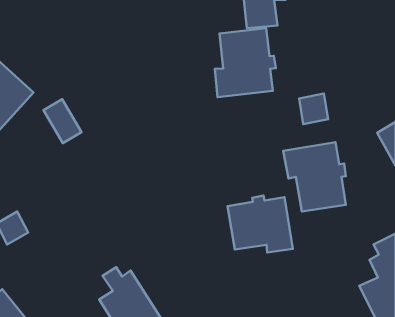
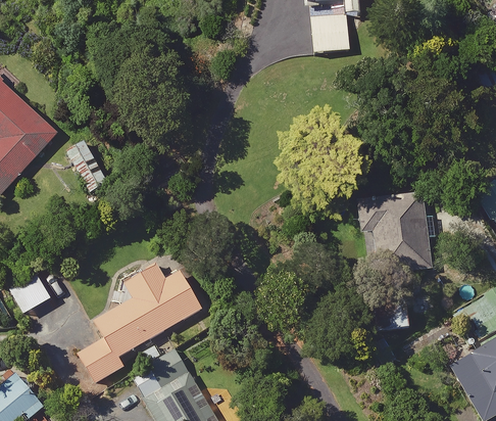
building: [215,28,276,97] -> none
building: [299,94,328,124] -> none
building: [227,196,293,252] -> none
building: none -> [79,260,201,384]

